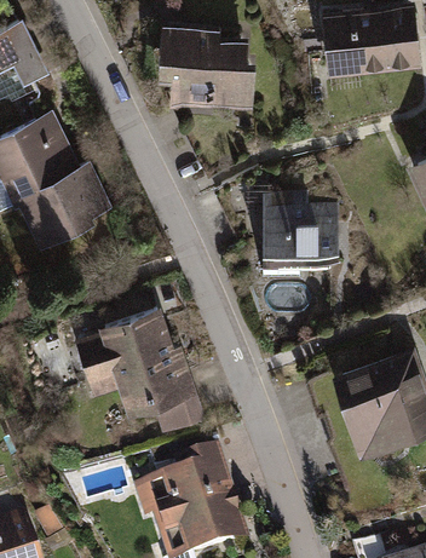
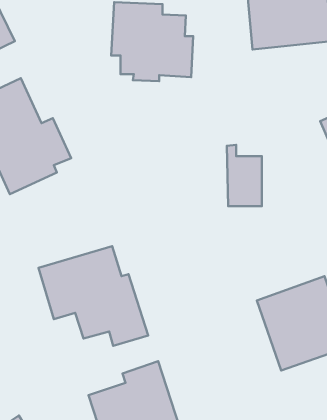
building: [253,192,298,265] -> none

